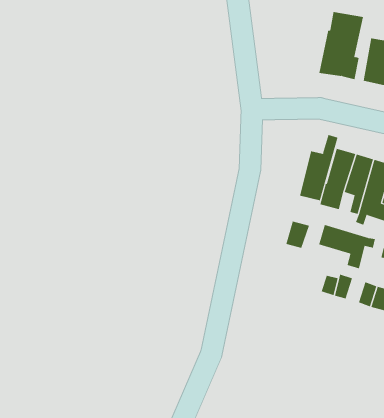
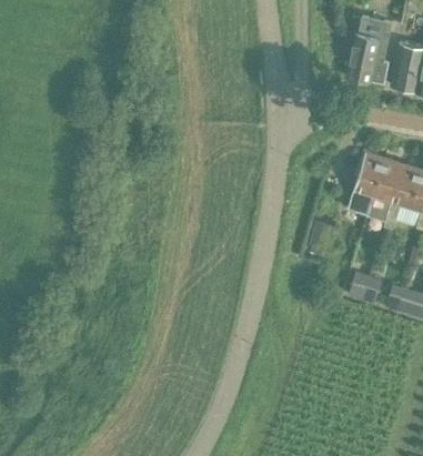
building: [300,134,338,201] -> none
building: [319,224,375,269] -> none

